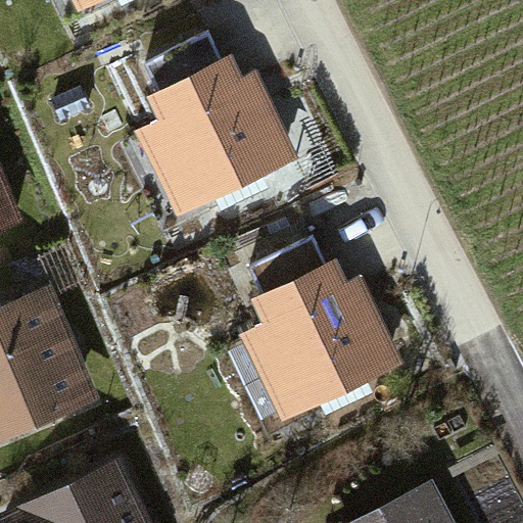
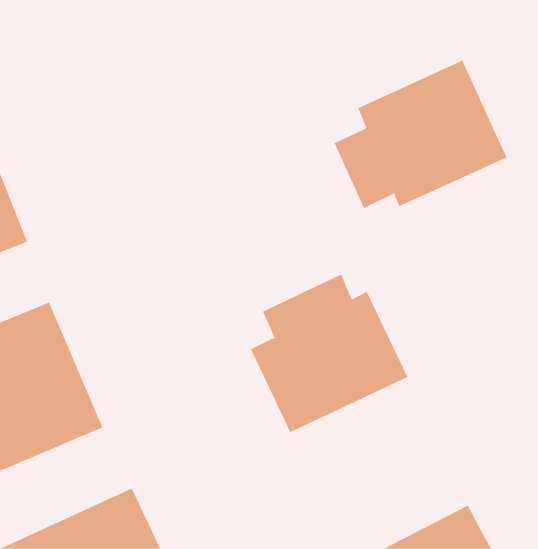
building: [130,37,276,207] -> none
building: none -> [334,60,507,209]

